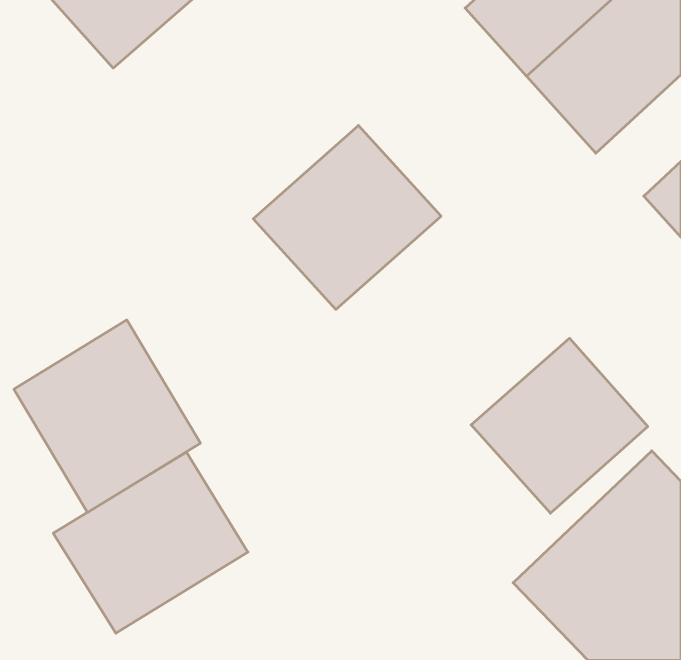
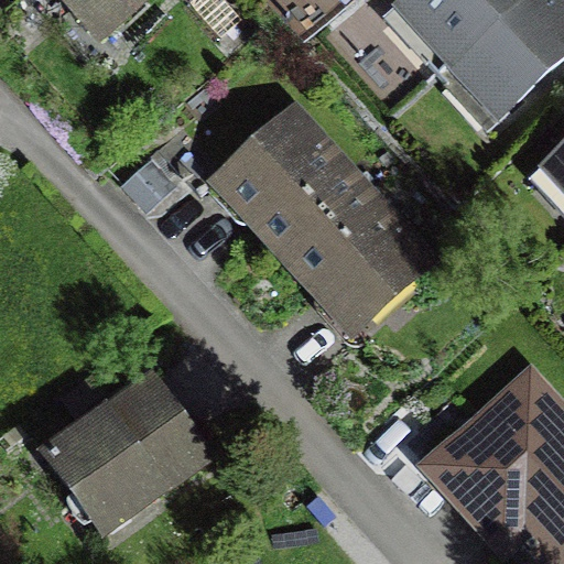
building: none -> [278,178,429,327]
building: [14,320,200,512] -> none
building: [471,338,648,513] -> none

